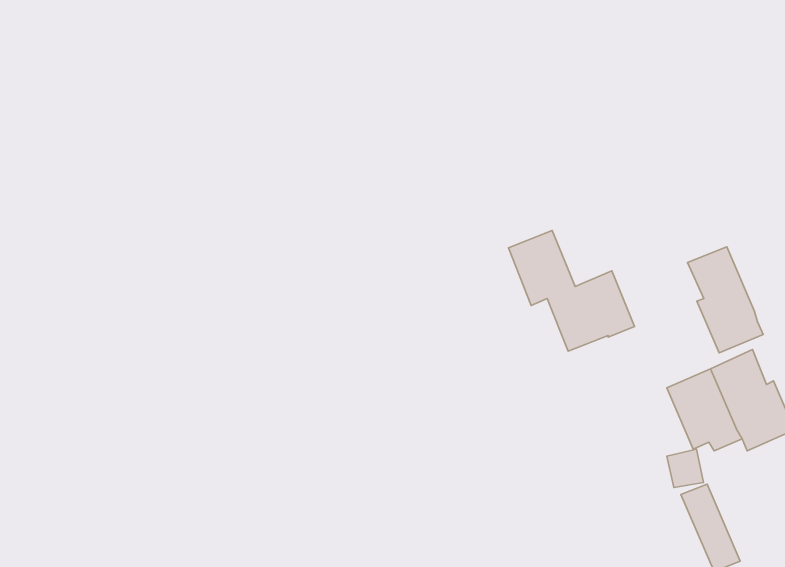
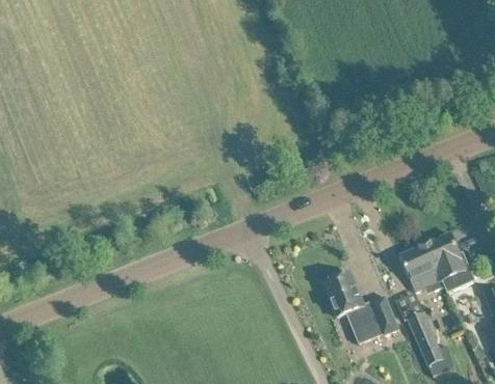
building: [509,230,635,351] -> [323,271,398,342]
building: [687,247,763,353] -> none

